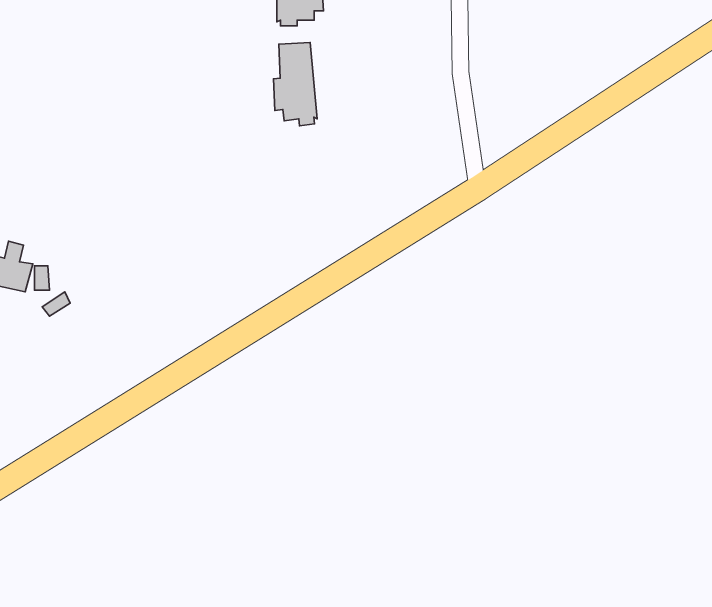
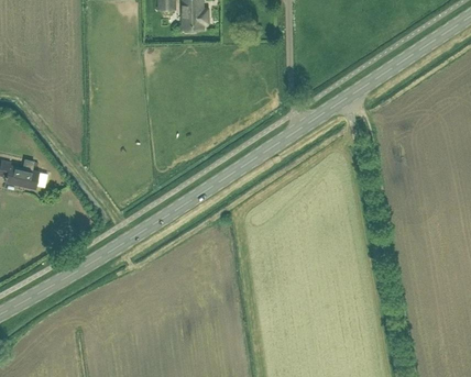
building: [274,42,317,126] -> none

